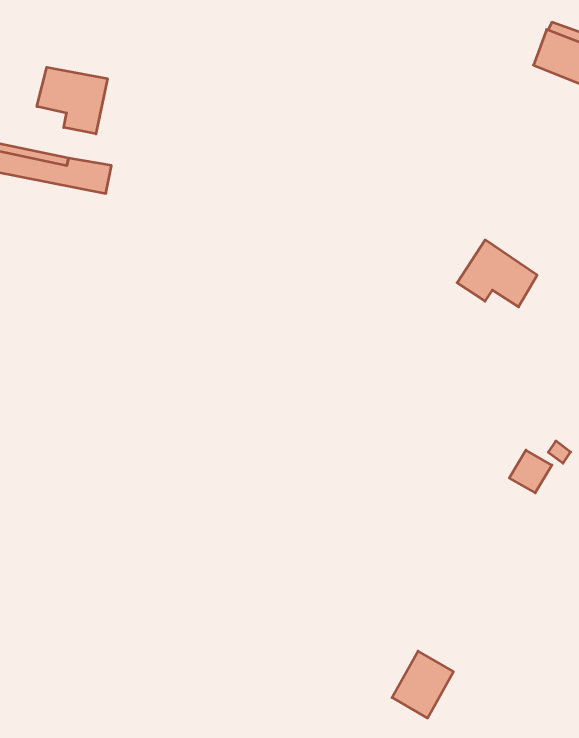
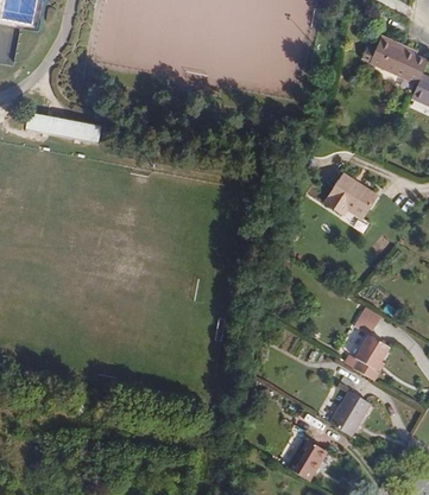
building: [37,67,107,134] -> none
building: none -> [354,337,392,385]
building: none -> [328,388,368,434]

